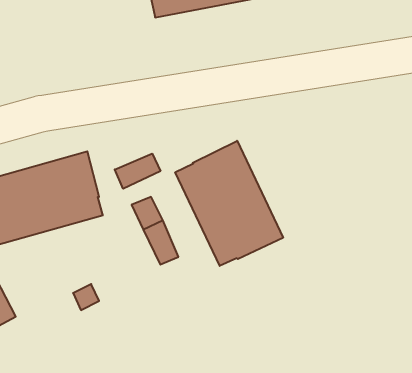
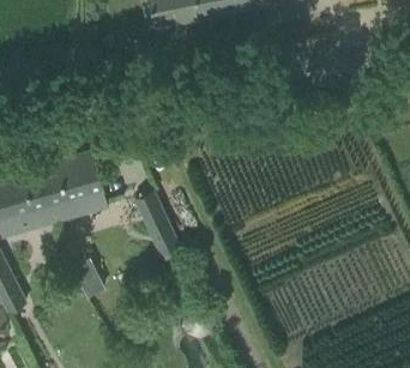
building: [175,141,283,266] -> none
building: [115,154,160,189] -> none

